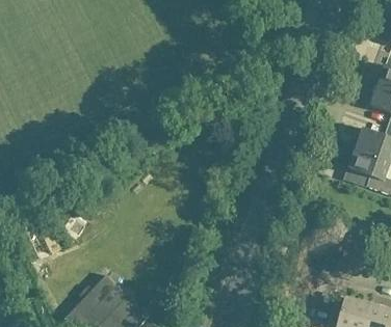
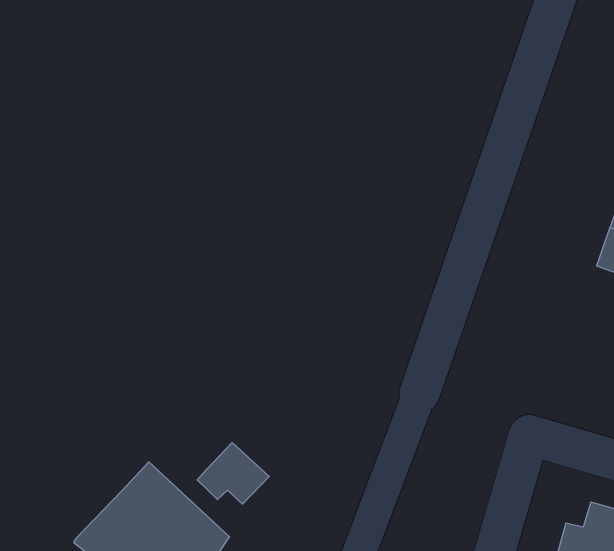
building: none -> [197,443,269,504]

